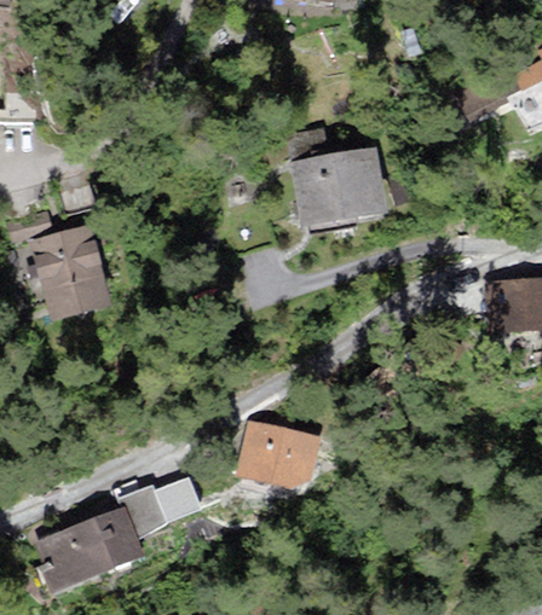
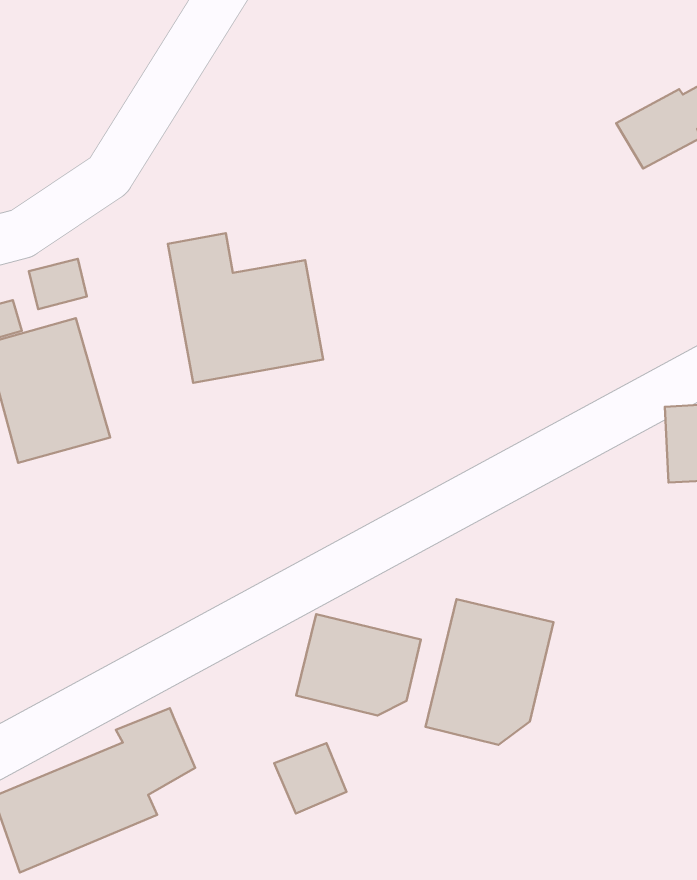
building: [283,127,387,227] -> [168,233,323,383]
building: none -> [426,599,553,745]
building: [154,476,202,523] -> [274,743,346,814]

